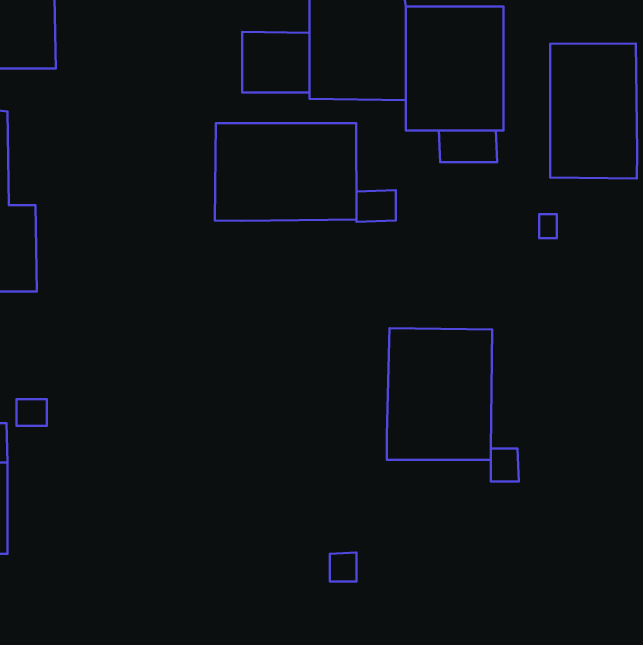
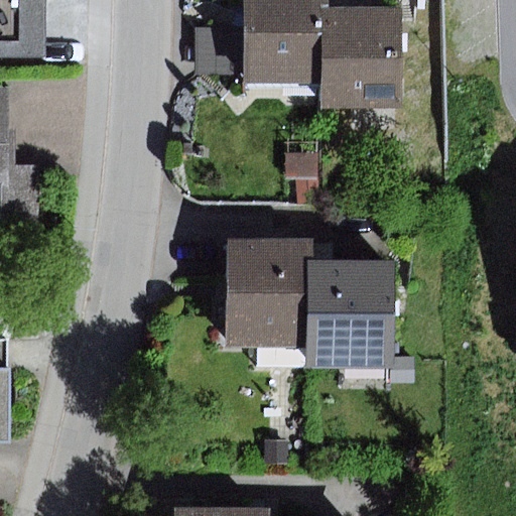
building: [550,43,637,178] -> none
building: [215,123,356,221] -> none
building: none -> [225,239,309,346]

